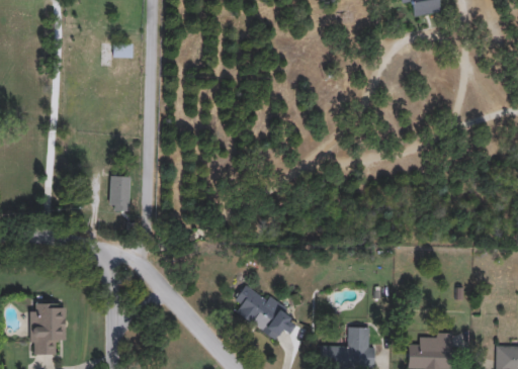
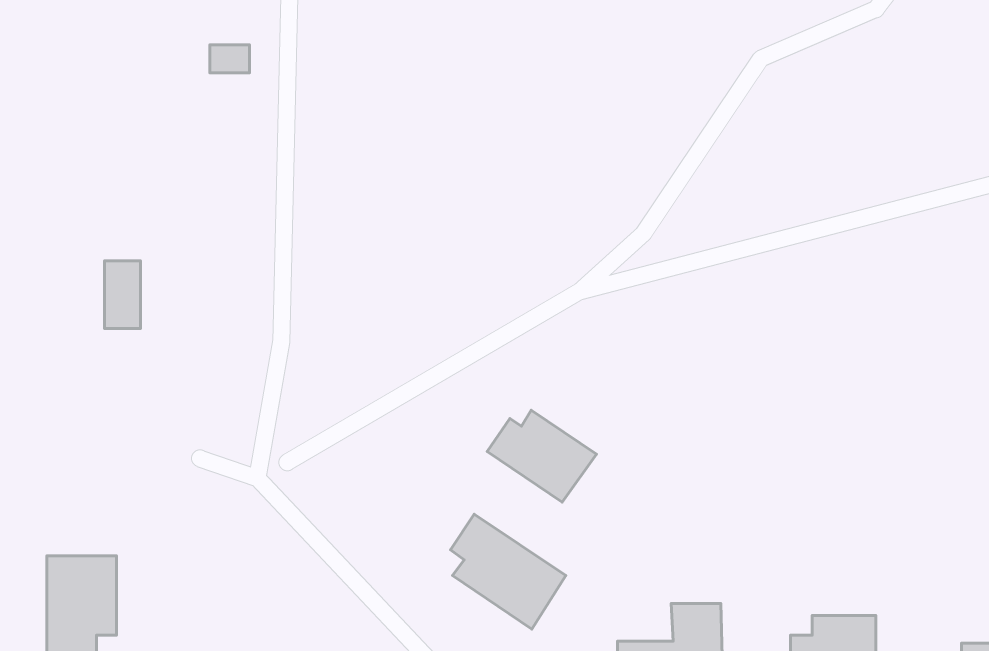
building: [110,177,128,211] -> [105,261,140,328]
building: none -> [487,410,597,502]

